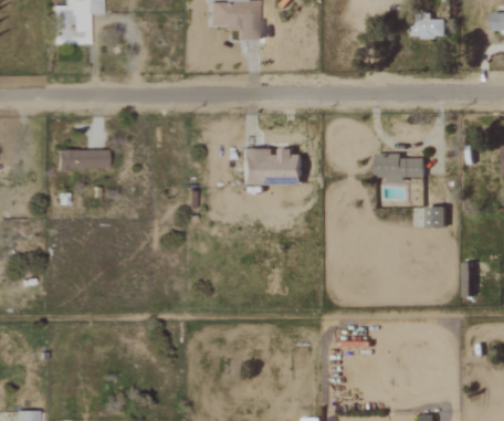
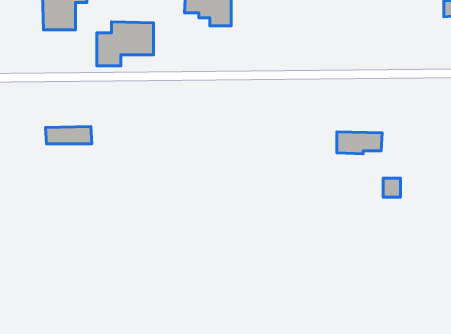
building: [412,19,448,36] -> none
building: none -> [97,22,153,66]
building: [243,147,303,183] -> none

